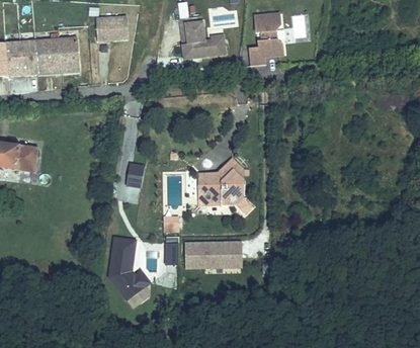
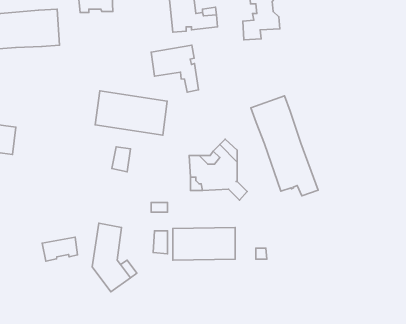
building: none -> [151,45,198,92]
building: none -> [95,91,167,135]
building: none -> [251,96,318,196]
building: none -> [42,237,78,261]

